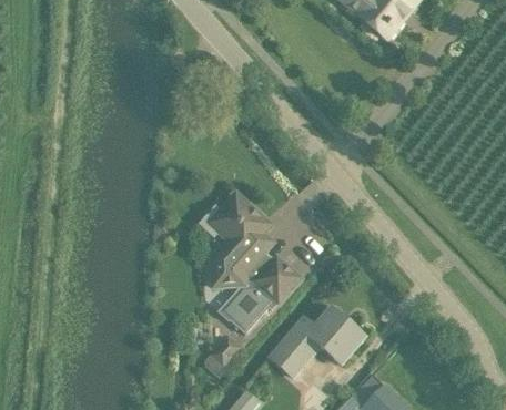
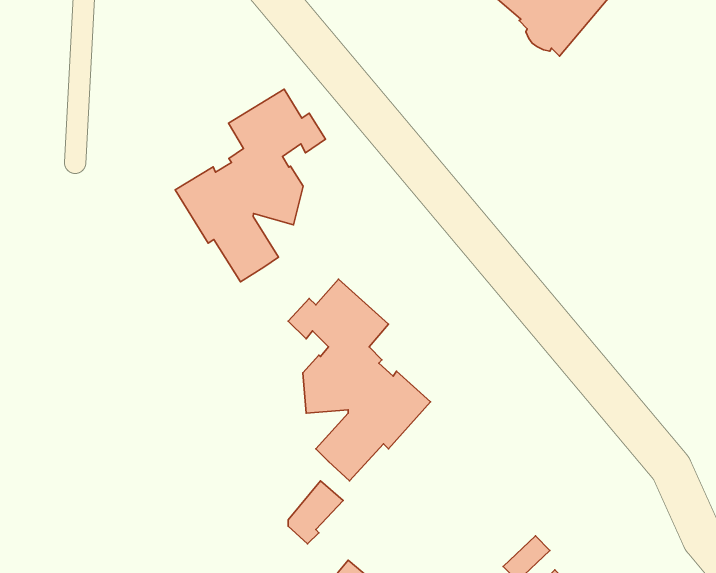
building: none -> [175,89,326,282]
building: [270,308,363,375] -> none

